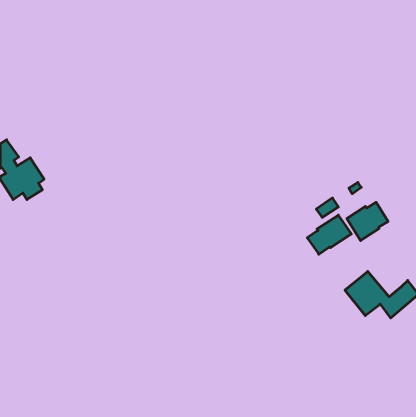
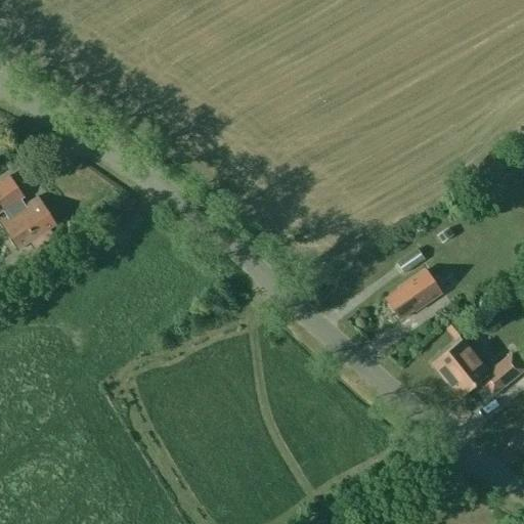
building: [347,202,388,241] -> none

